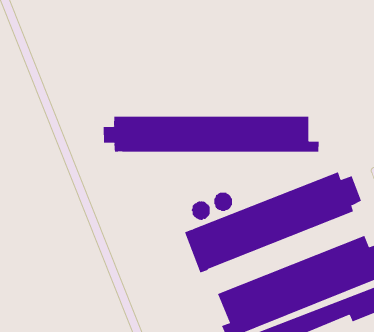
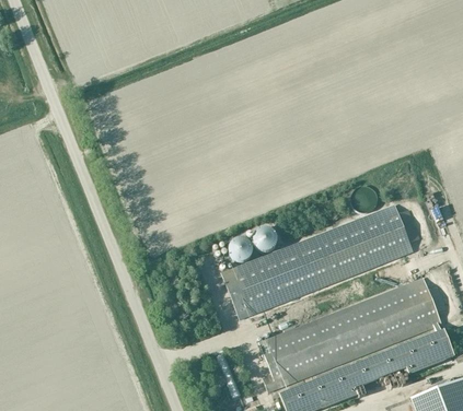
building: [103,116,319,152] -> none

